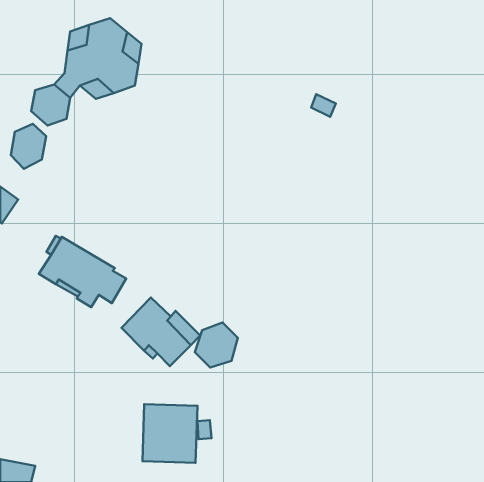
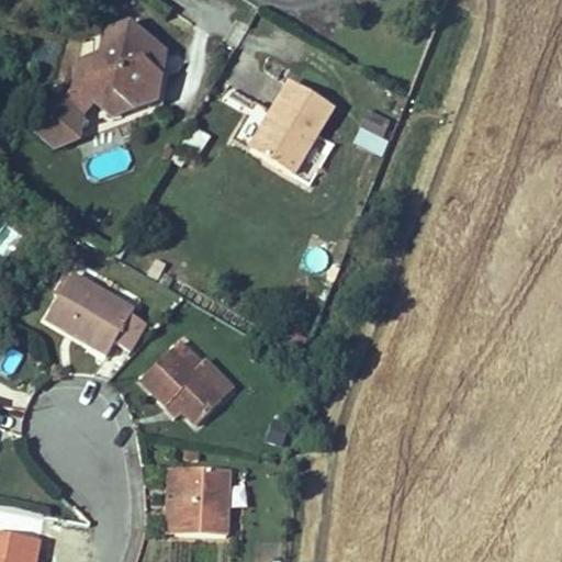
building: none -> [251,81,333,172]
building: [11,124,46,169] -> none
building: [195,323,238,367] -> none

